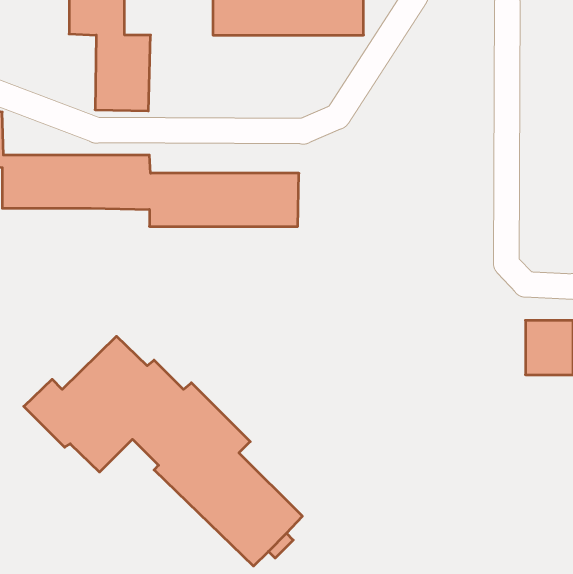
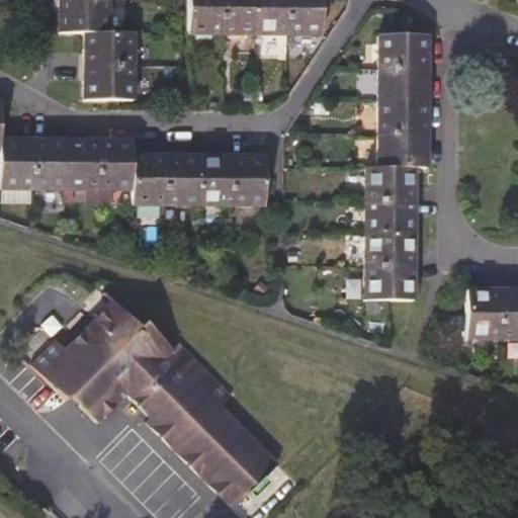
building: none -> [368,33,431,298]

